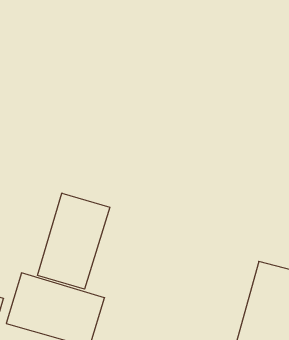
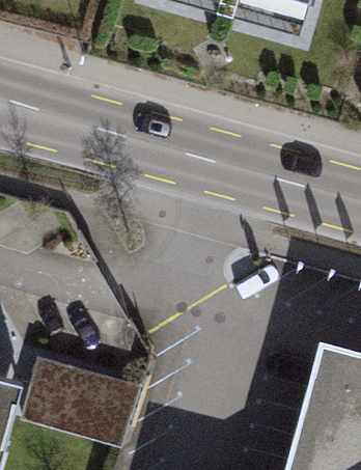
building: [37,193,110,289] -> none

